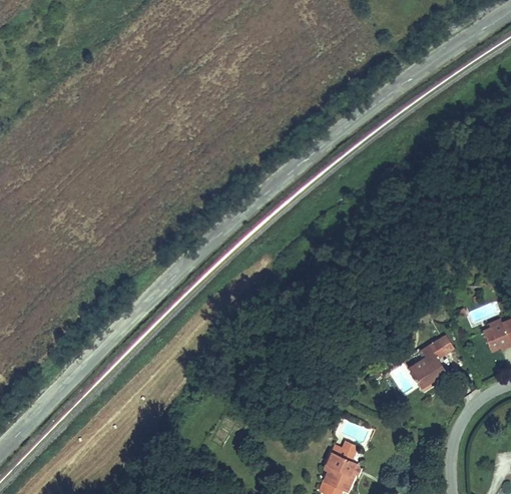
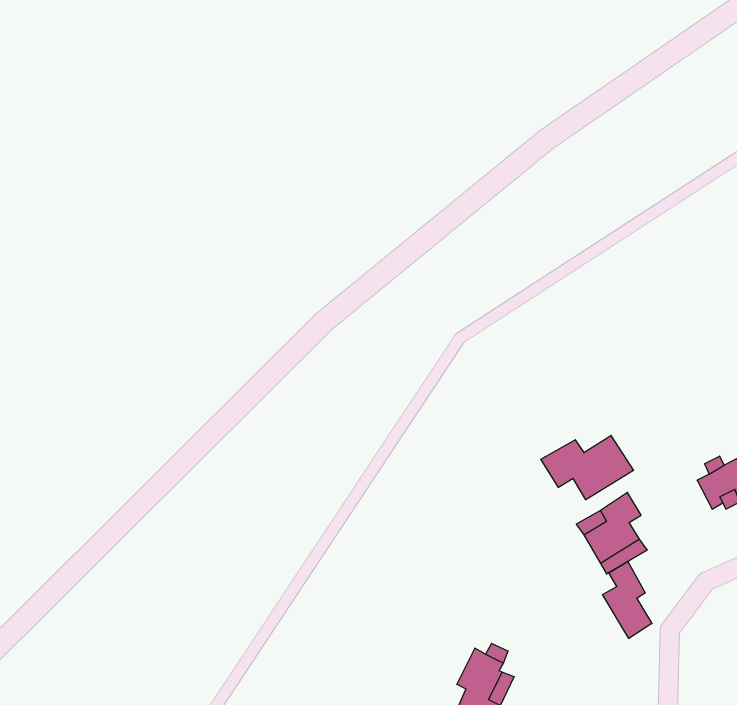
building: none -> [541,435,634,500]
building: none -> [603,561,652,638]

